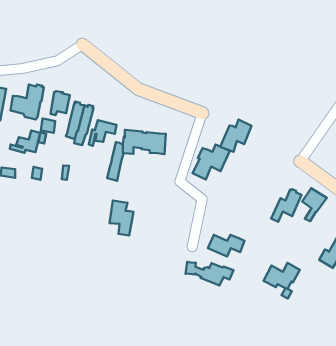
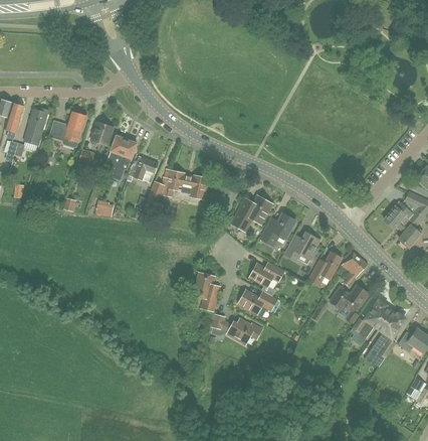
building: [220,120,252,152] -> [260,212,295,246]
building: [10,131,40,153] -> none
building: none -> [284,232,319,260]
building: [110,201,133,235] -> [194,272,220,310]
building: none -> [250,262,283,286]
building: [264,263,300,298] -> [330,284,369,321]

